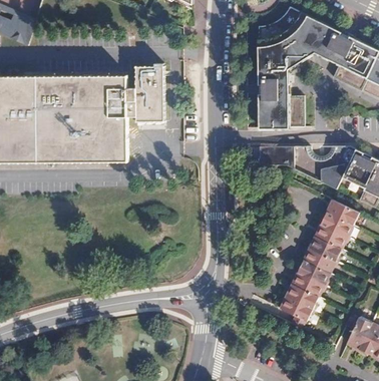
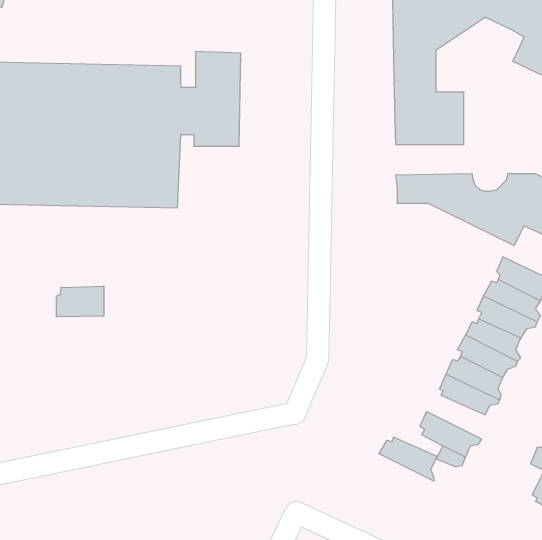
building: none -> [56,286,104,317]
building: [281,281,317,308] -> [379,437,437,481]

